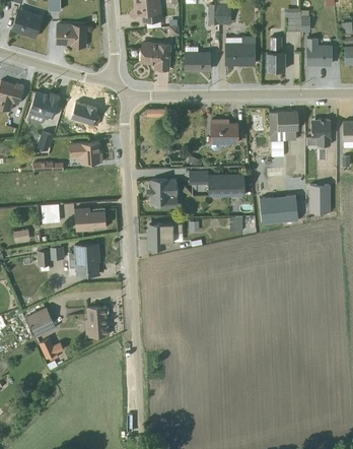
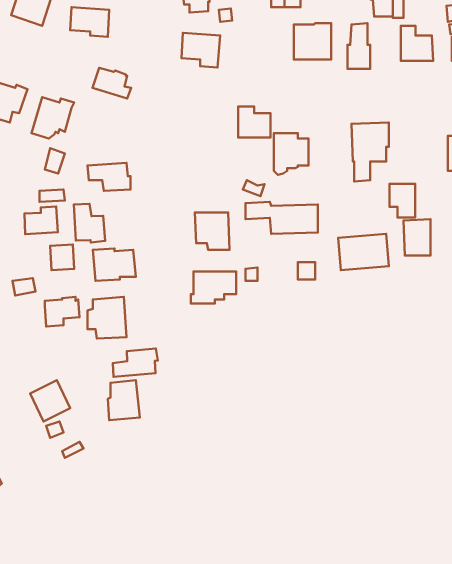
building: [186,47,210,70] -> [238,107,270,137]
building: [71,103,100,126] -> [92,68,131,99]
building: [311,120,331,145] -> [390,184,415,218]
building: none -> [74,204,105,242]
building: none -> [24,206,58,234]
building: none -> [113,348,158,377]

